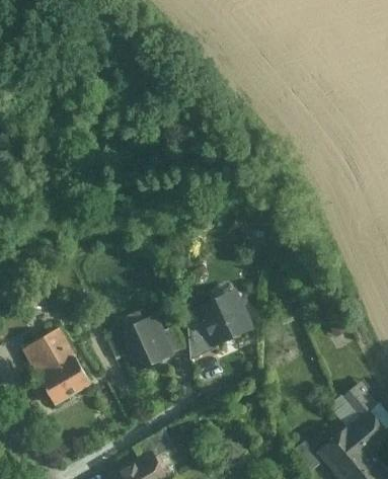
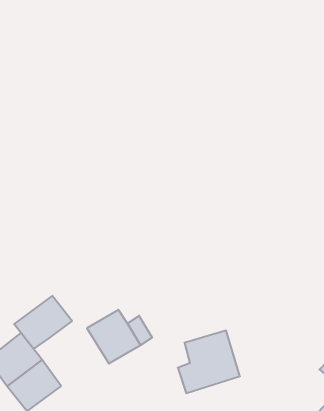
building: [187,295,246,350] -> [178,330,240,393]
building: none -> [14,296,72,349]

